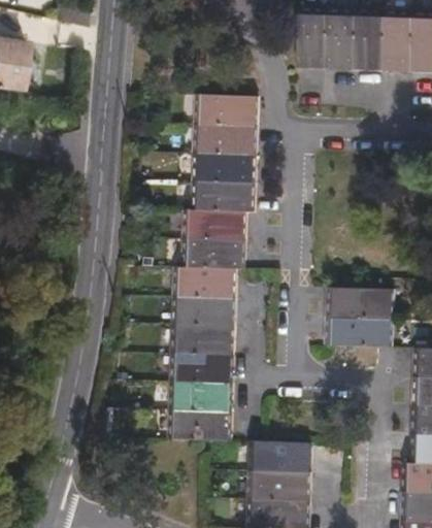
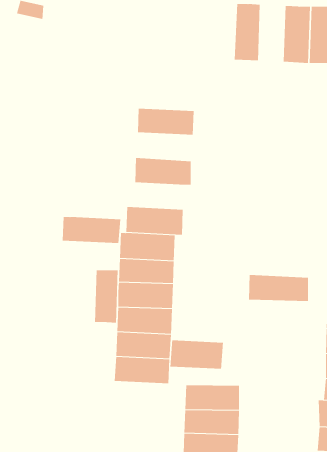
building: [334,5,364,71] -> none
building: [195,97,262,128] -> none
building: [192,153,259,186] -> none
building: [181,210,250,241] -> [62,217,121,243]
building: [323,286,393,320] -> none
building: none -> [94,269,118,324]
building: none -> [170,340,223,370]

